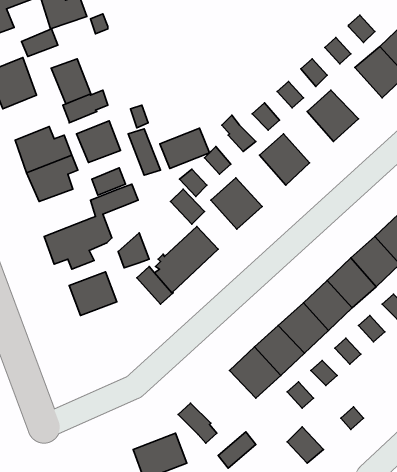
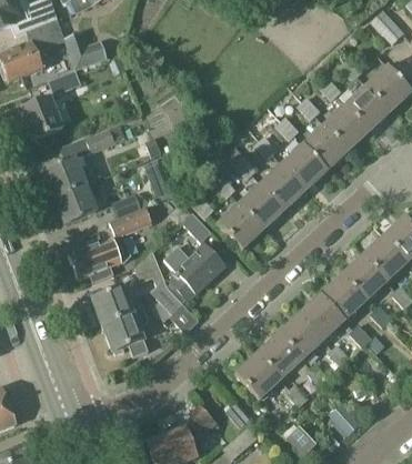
building: [51,59,91,104] -> none
building: none -> [323,104,369,150]
building: none -> [281,143,325,189]
building: [77,121,121,163] -> none
building: [160,128,209,168] -> none
building: none -> [239,182,283,228]
building: none -> [101,305,148,356]

